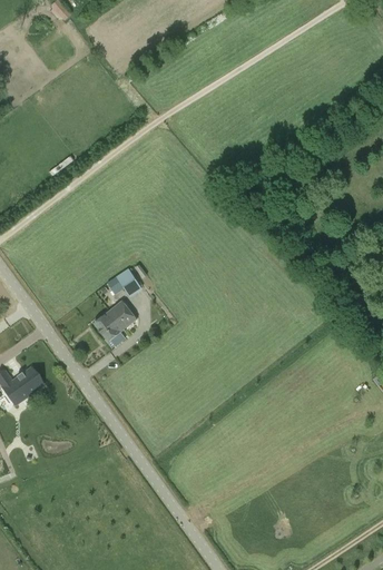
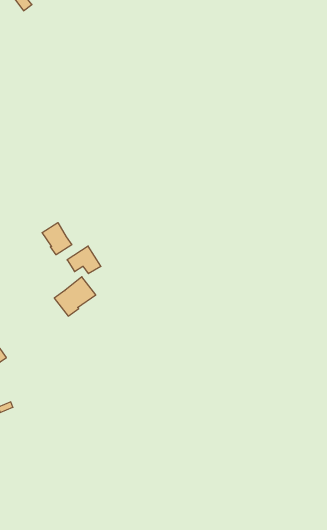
building: none -> [42,223,72,255]

